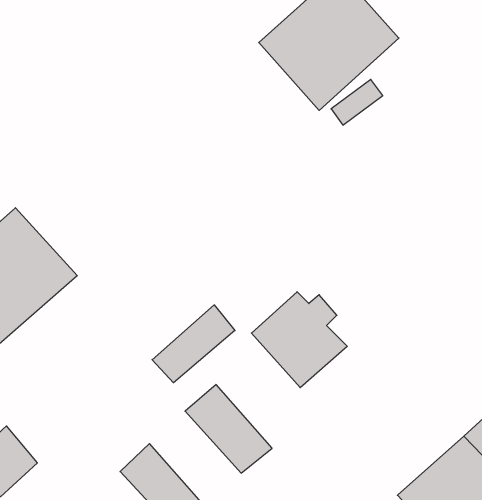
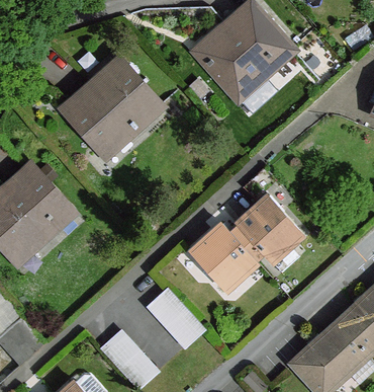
building: none -> [63,59,160,155]
building: none -> [236,194,302,261]
building: [152,305,235,383] -> none

